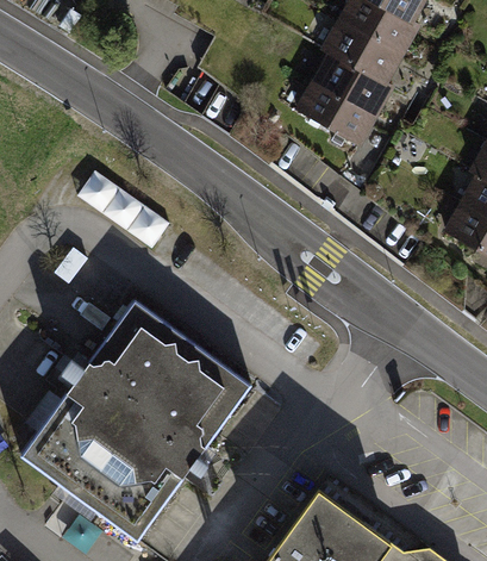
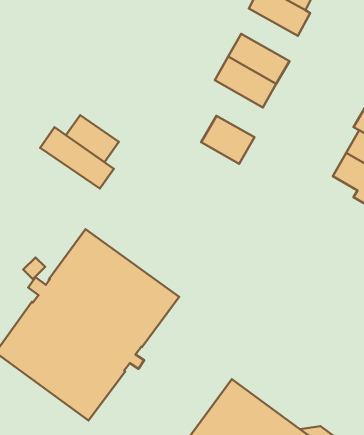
building: [323,21,401,85] -> none
building: none -> [66,115,119,162]
building: none -> [201,116,254,164]

